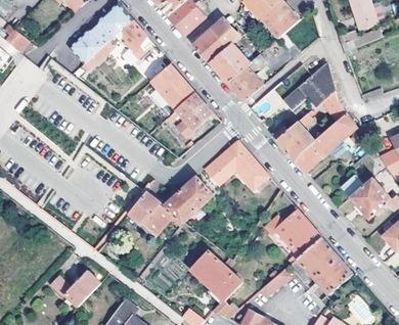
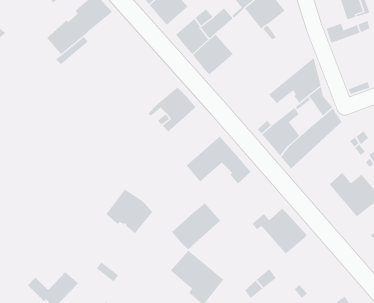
building: [110,20,146,57] -> none
building: [226,52,265,101] -> none
building: [151,64,195,109] -> none
building: [164,176,212,222] -> [171,202,221,250]
building: [297,236,353,294] -> none

